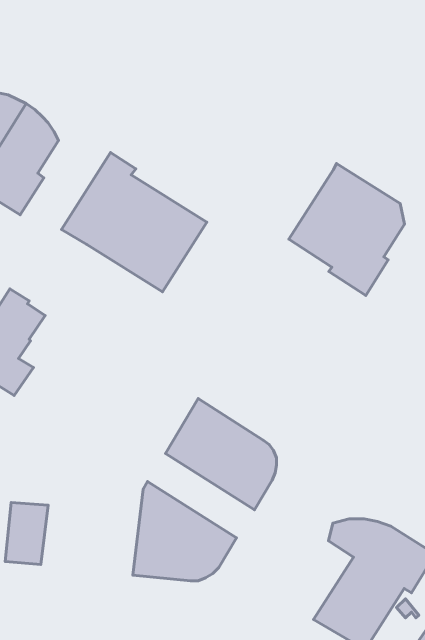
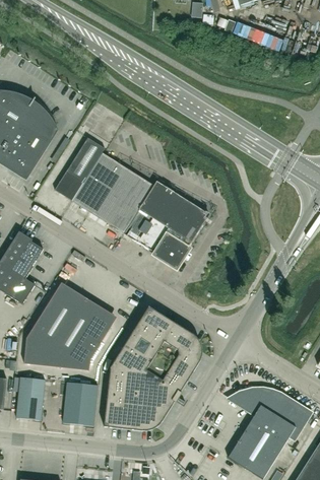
building: [289,163,405,295] -> [123,181,202,271]
building: none -> [23,290,111,369]
building: none -> [113,343,186,401]
building: none -> [62,382,97,425]

